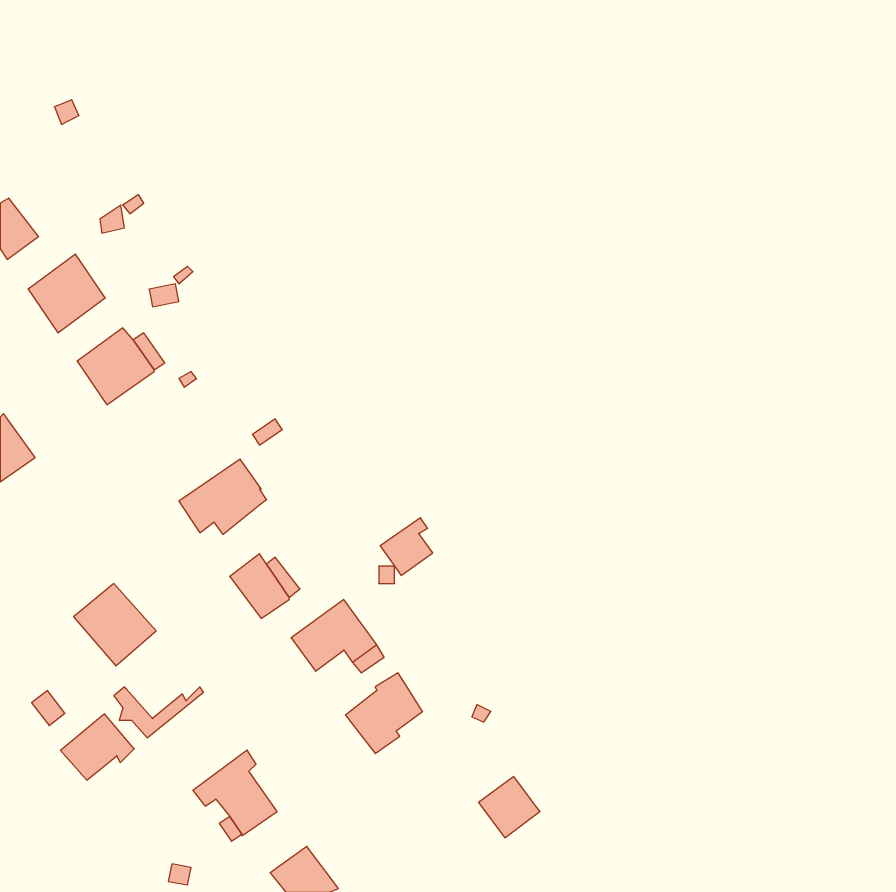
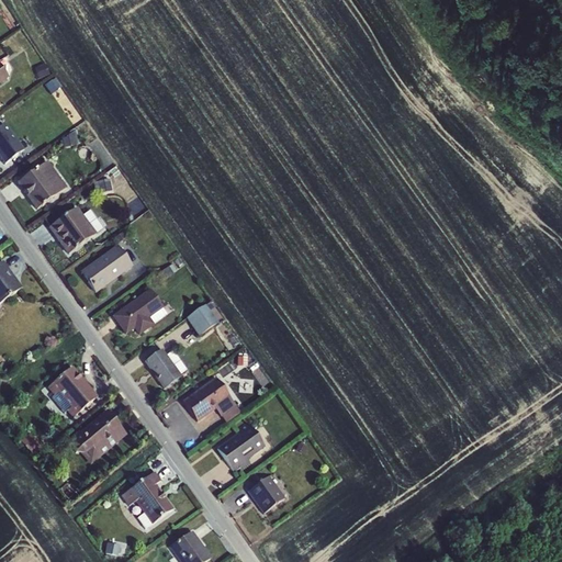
building: none -> [79,244,133,292]
building: [380,518,433,576] -> [186,299,218,335]
building: [61,714,134,780] -> [79,408,125,450]
building: [479,776,540,838] -> [247,474,285,513]

